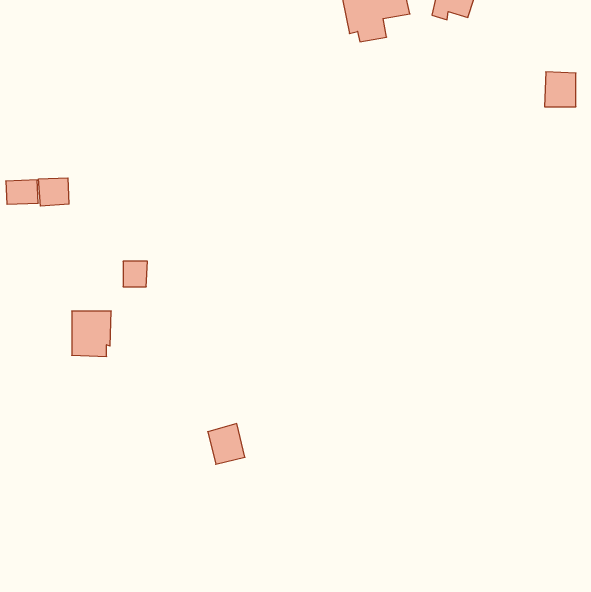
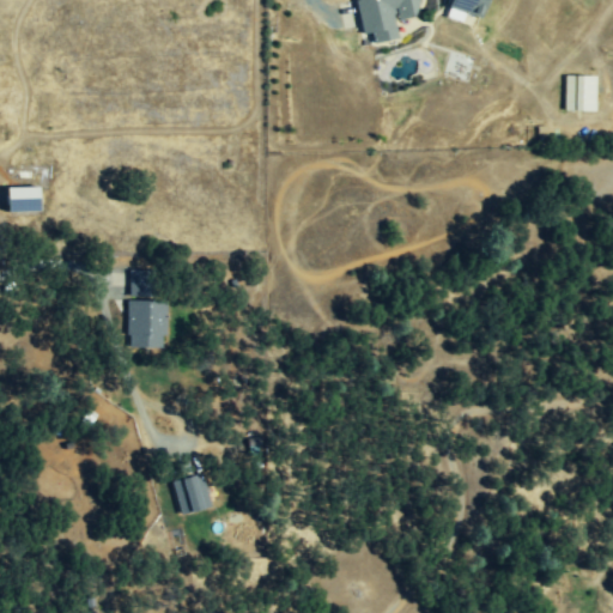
building: [39,178,69,206] -> none
building: [72,311,111,356] -> [127,301,168,347]
building: [208,424,245,464] -> [174,473,212,515]

